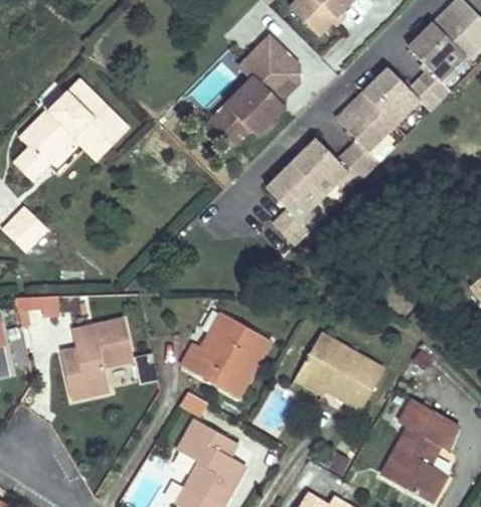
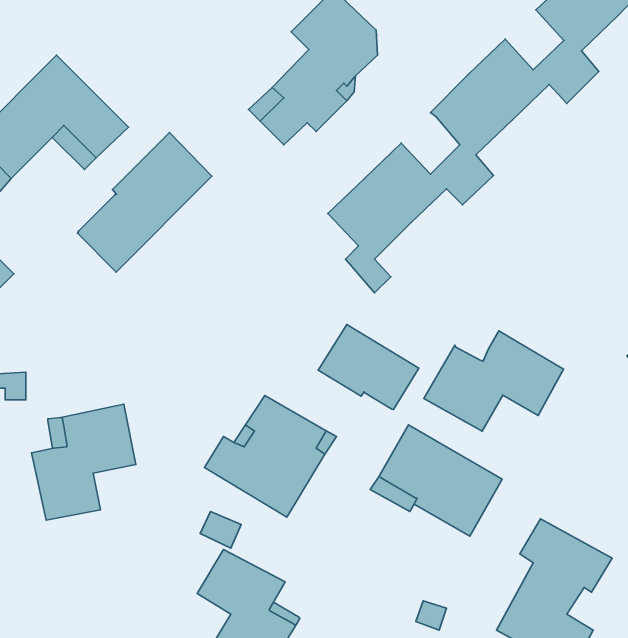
building: none -> [77,132,212,272]
building: none -> [318,324,419,410]
building: none -> [424,331,564,431]

